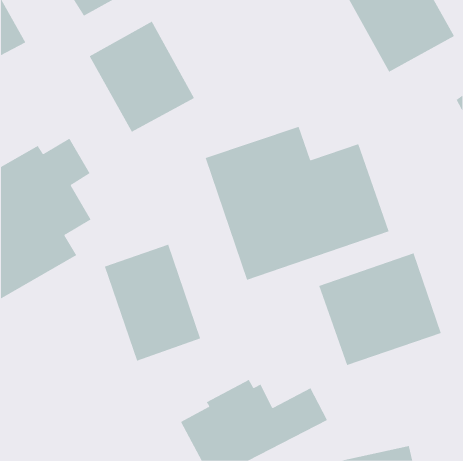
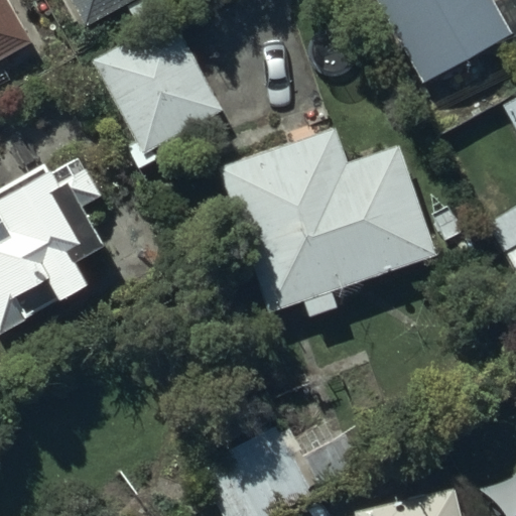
building: [104,244,201,362] -> none
building: [319,253,442,366] -> none

